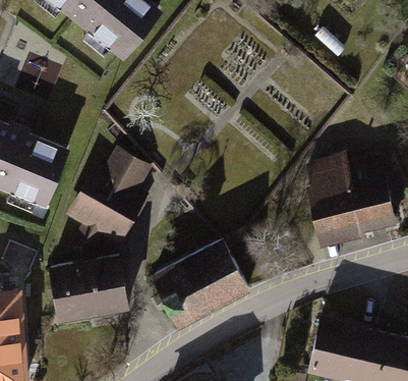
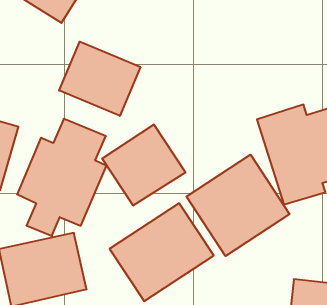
building: none -> [59,42,140,116]
building: none -> [102,124,185,206]
building: none -> [186,155,290,256]

